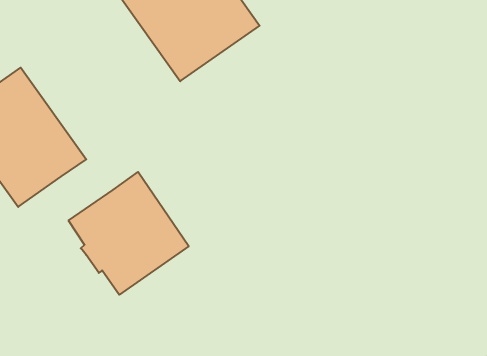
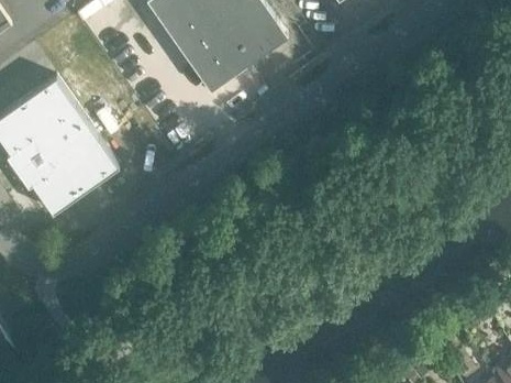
building: [69,172,189,295] -> none

